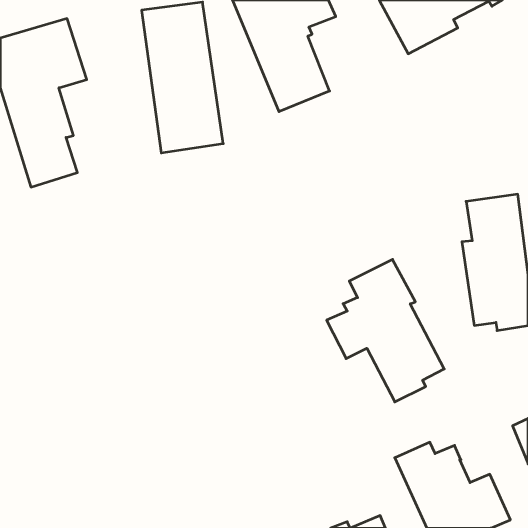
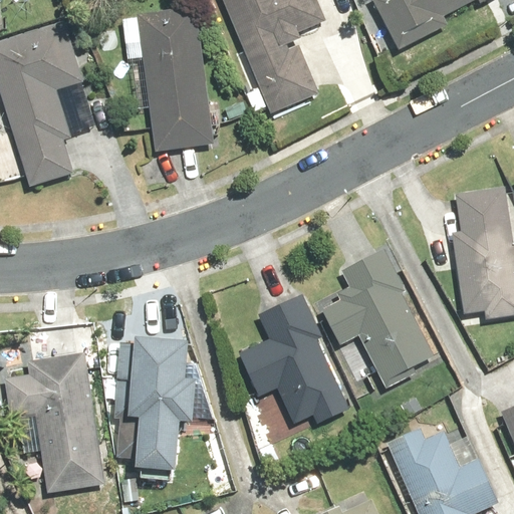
building: none -> [236,297,346,426]
building: none -> [118,334,188,466]
building: none -> [5,348,105,488]

